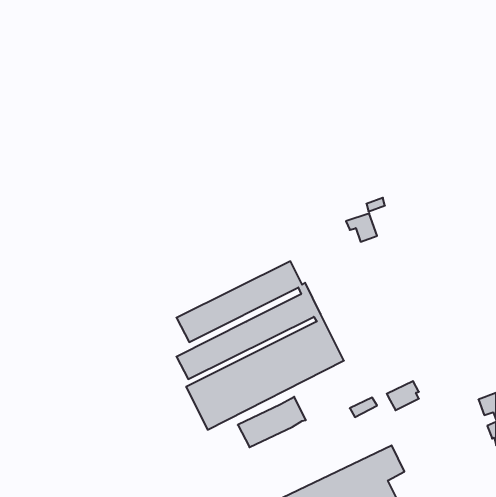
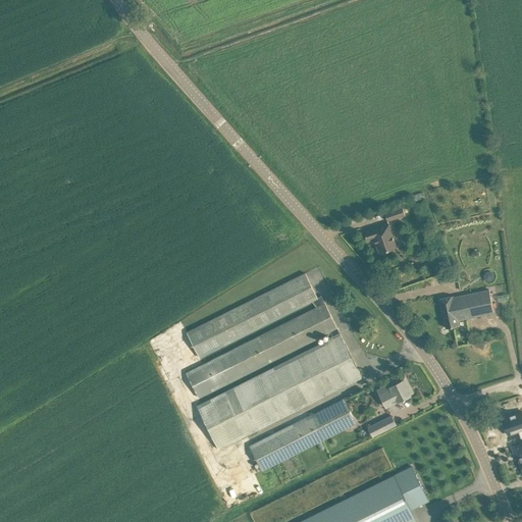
building: none -> [437,291,492,329]
building: [387,381,419,410] -> [375,377,409,408]
building: none -> [308,400,354,440]

